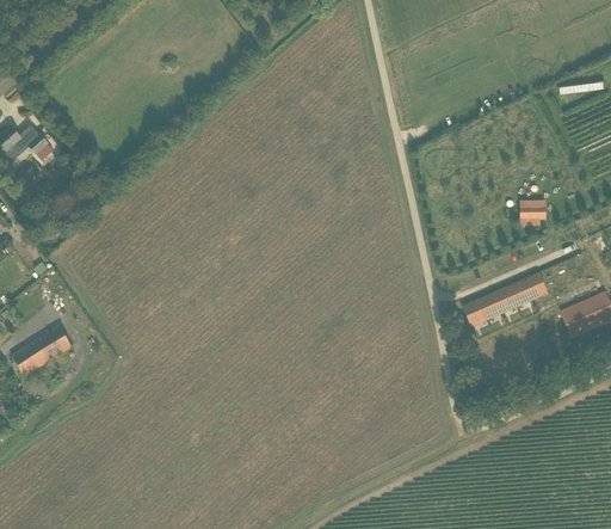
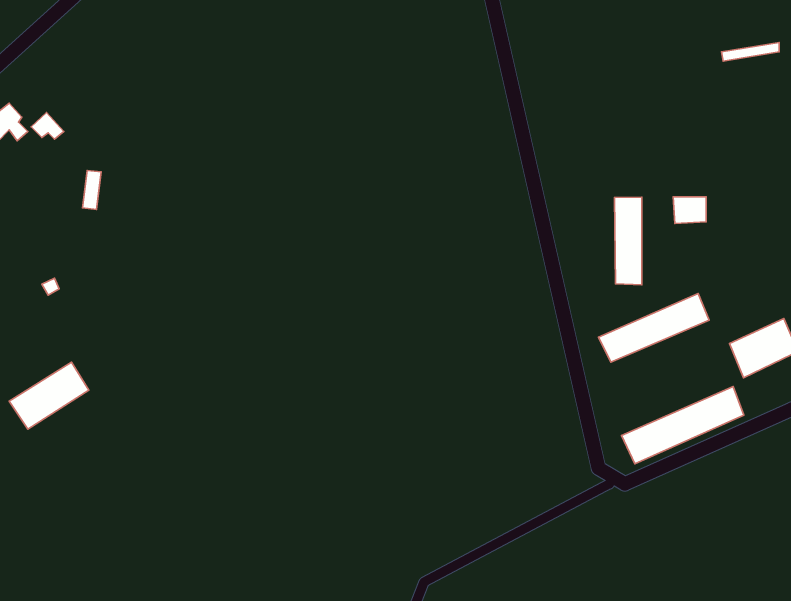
building: none -> [615,197,642,285]
building: none -> [622,387,744,464]

